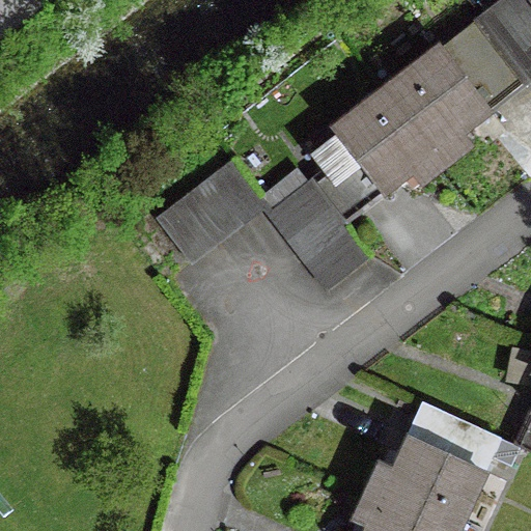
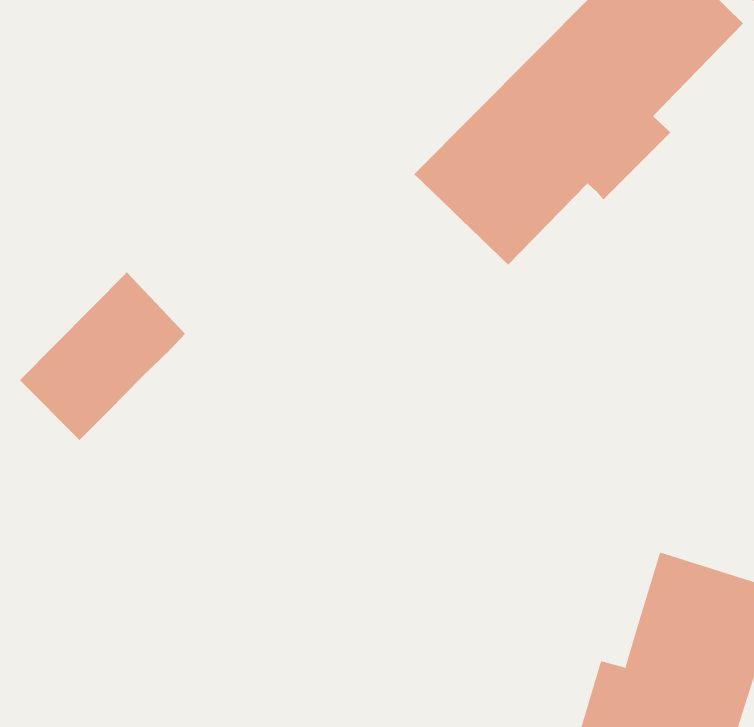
building: [156,161,262,261] -> [19,272,186,441]
building: [271,179,369,289] -> none

